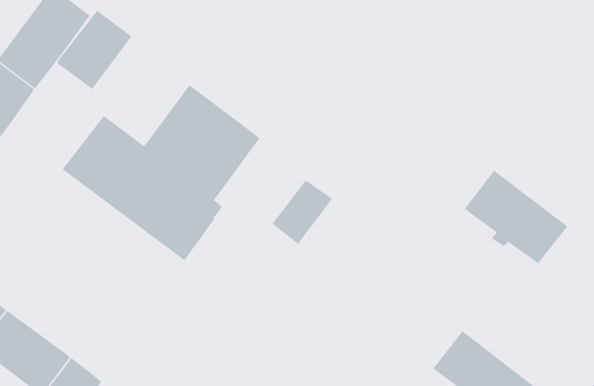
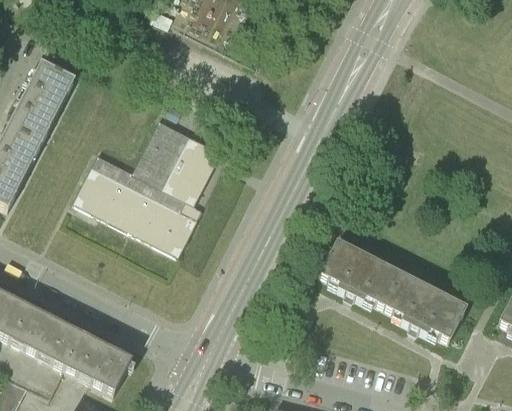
building: [56,10,132,90] -> none
building: [464,170,568,264] -> [319,239,402,306]
building: [272,179,333,245] -> none

